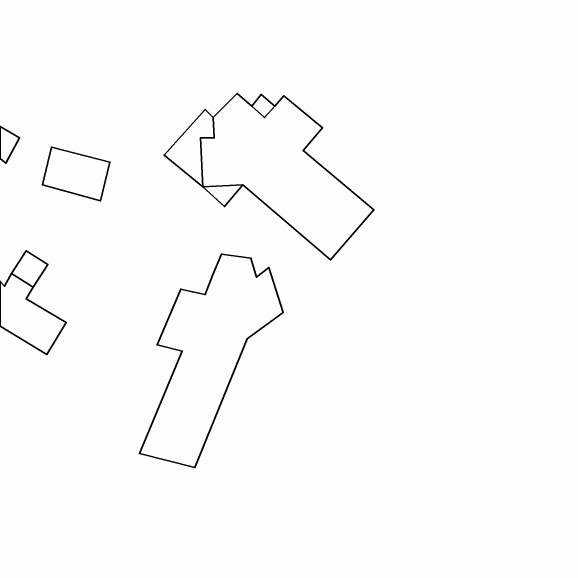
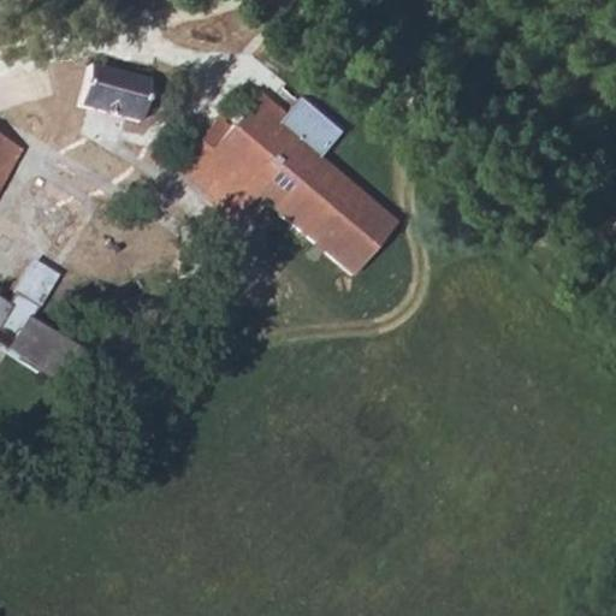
building: [42,147,110,201] -> [79,63,150,119]
building: [140,254,283,467] -> none

